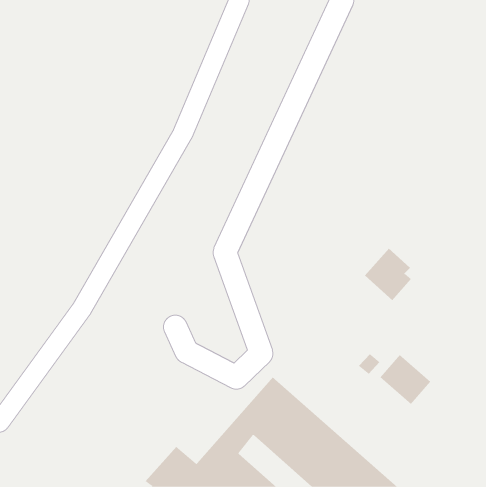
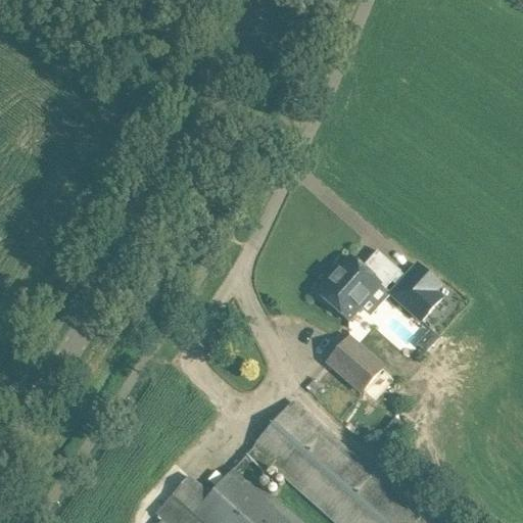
building: none -> [318,251,400,322]
building: [380,354,431,405] -> [327,339,382,393]

